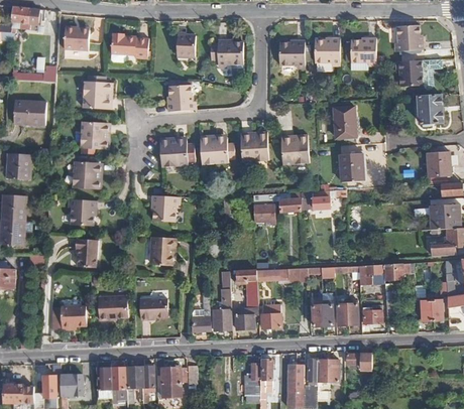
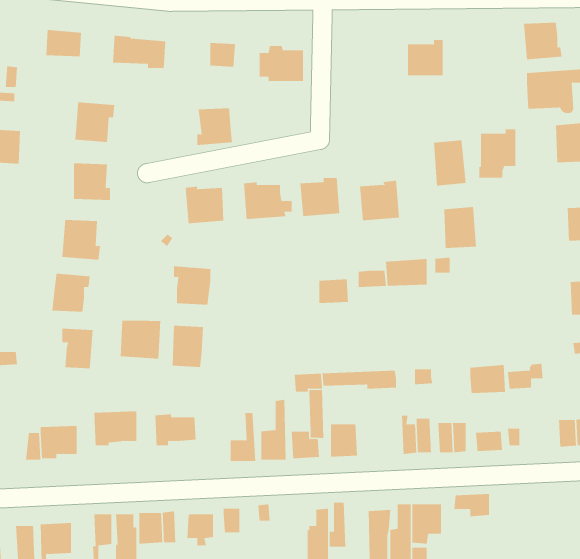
building: [349,36,375,71] -> [479,129,516,178]
building: [278,40,305,65] -> none
building: none -> [120,320,161,359]

